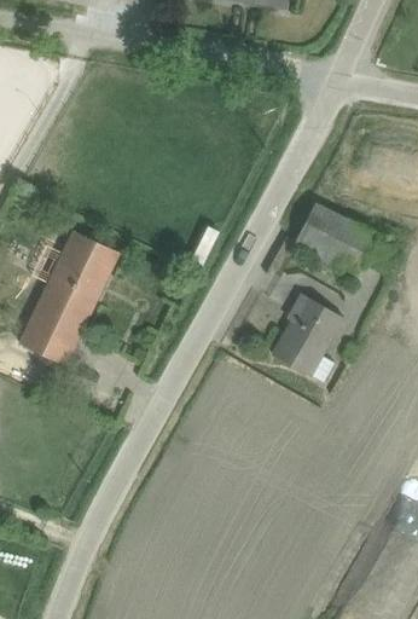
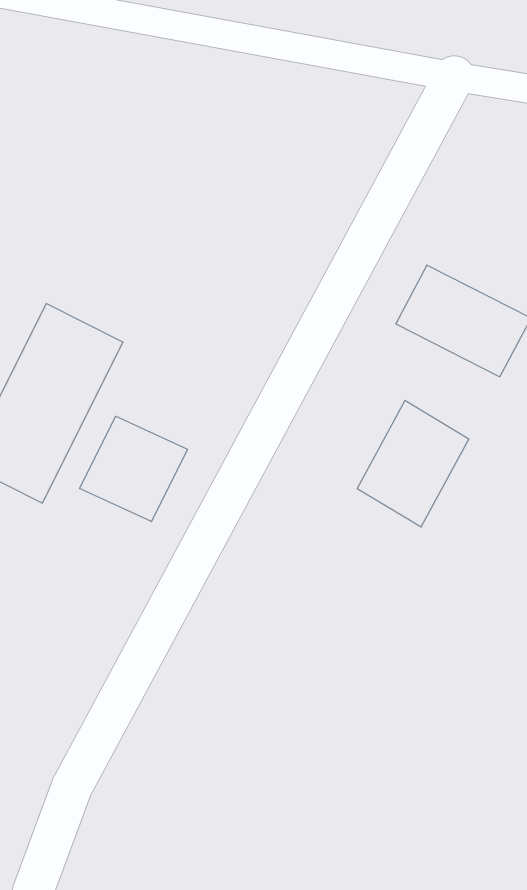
building: none -> [80,416,188,522]

